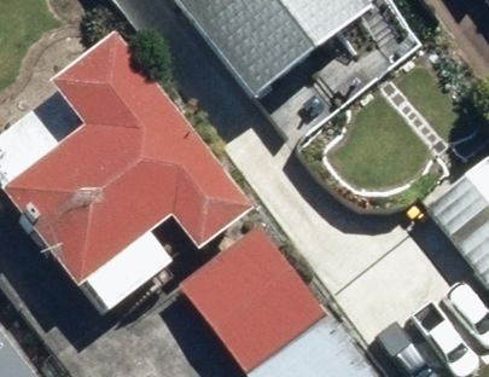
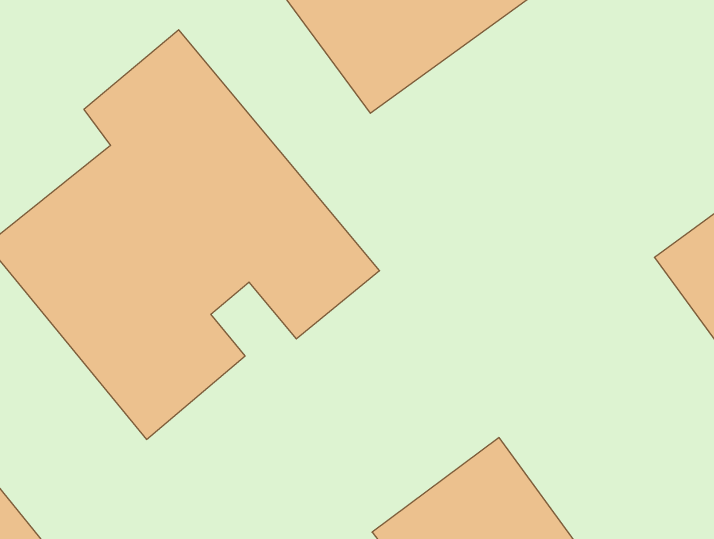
building: [176,219,327,370] -> none

